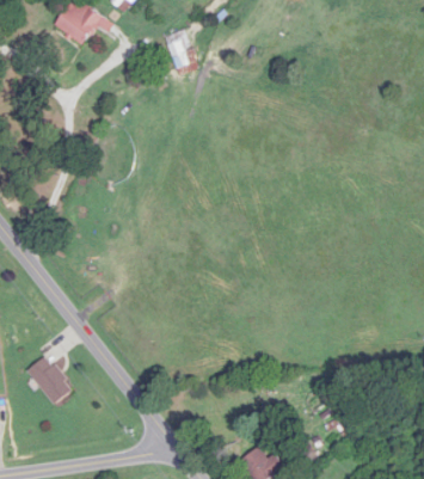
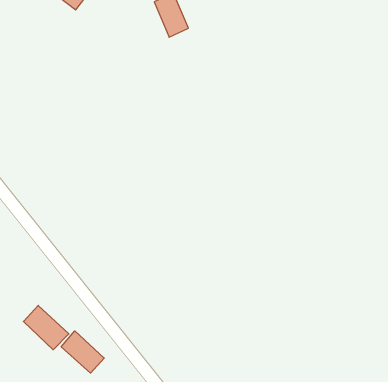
building: none -> [61,331,104,373]

